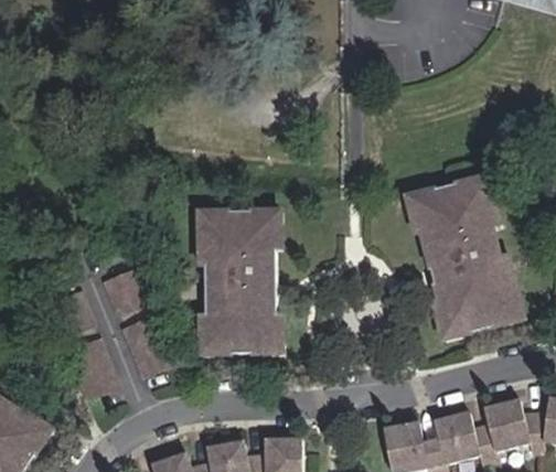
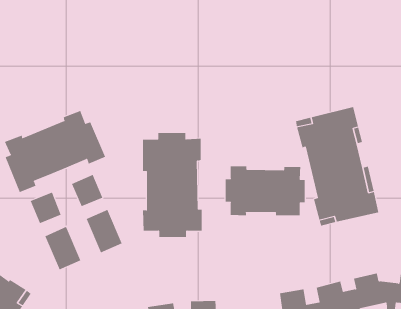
building: none -> [4,110,106,193]
building: none -> [225,166,305,216]

